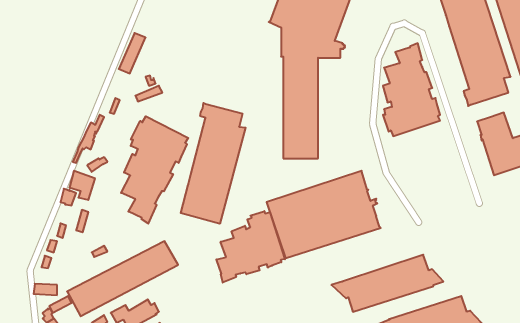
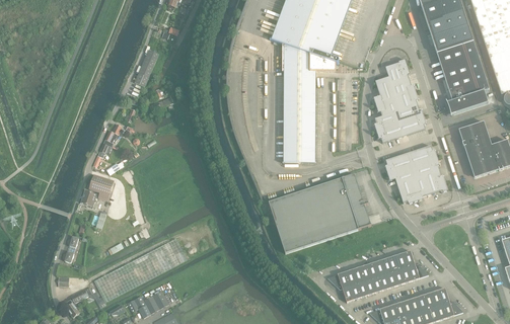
building: [181,103,246,224] -> none
building: [121,116,188,224] -> none
building: none -> [385,145,448,202]
building: [216,211,285,283] -> none

